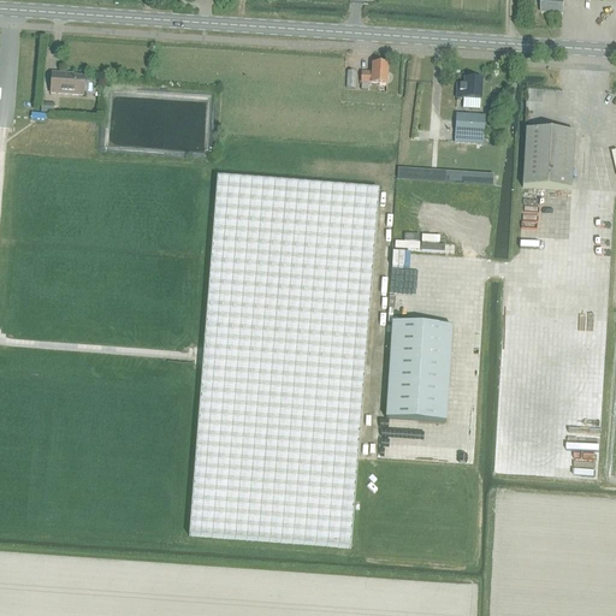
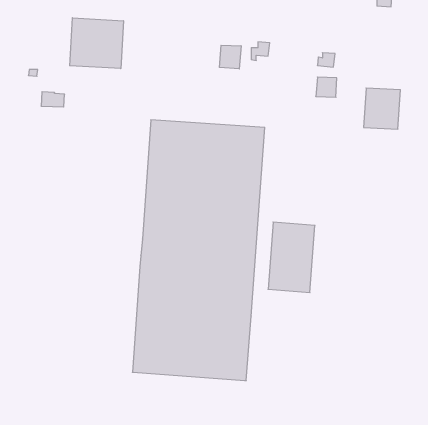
building: none -> [70,18,123,69]
building: none -> [219,45,241,69]
building: [51,70,84,91] -> [41,92,65,107]

